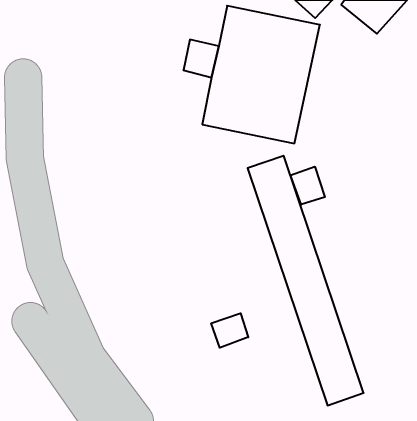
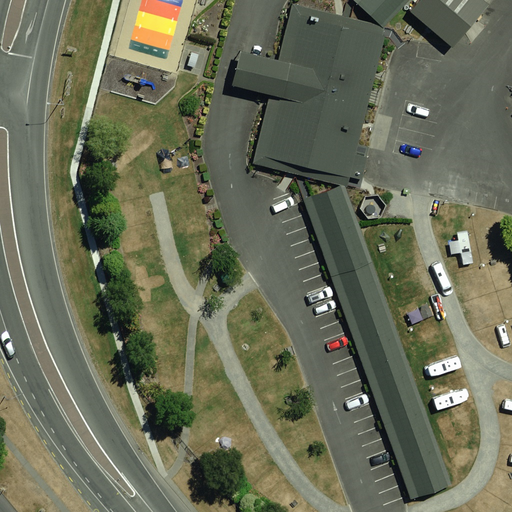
building: [290,167,325,205] -> none
building: [211,313,248,348] -> none

